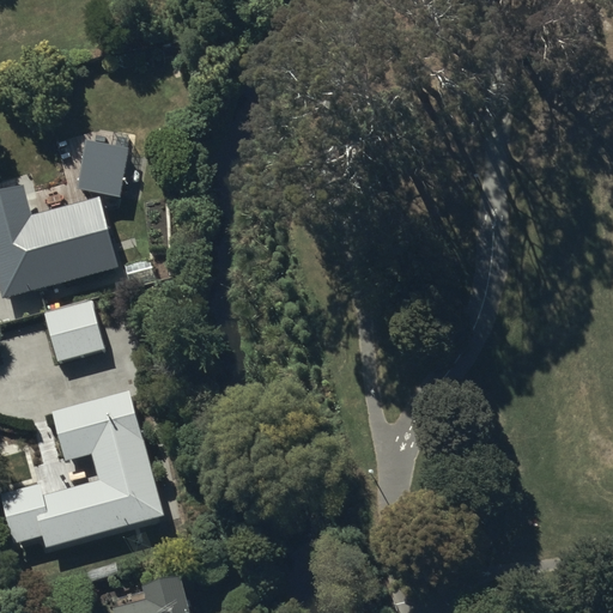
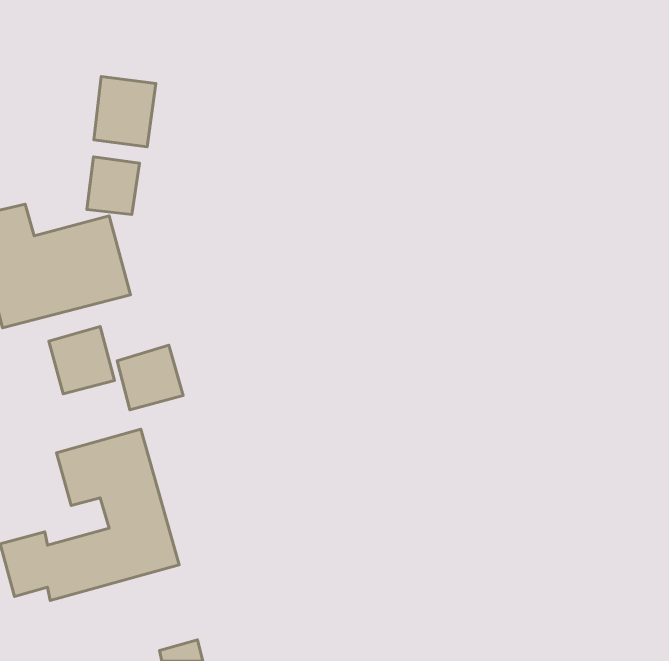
building: none -> [94,77,156,147]
building: none -> [117,345,183,410]

